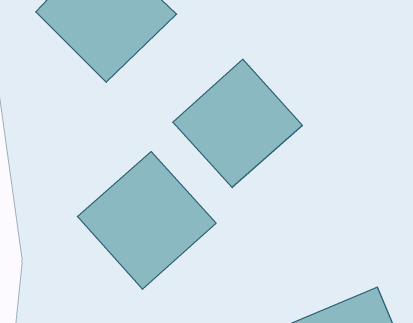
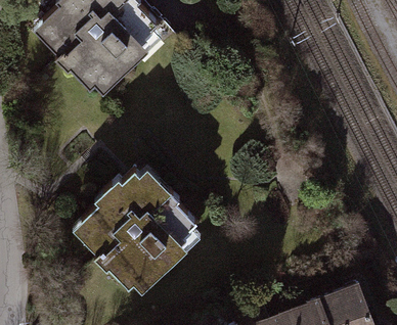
building: [173,59,302,188] -> none

